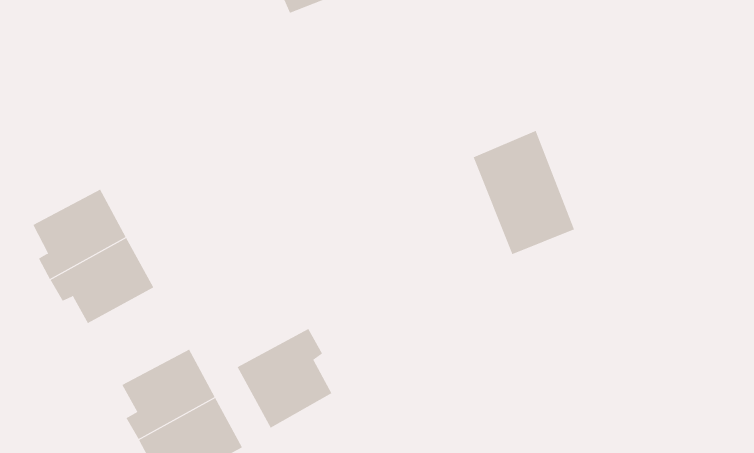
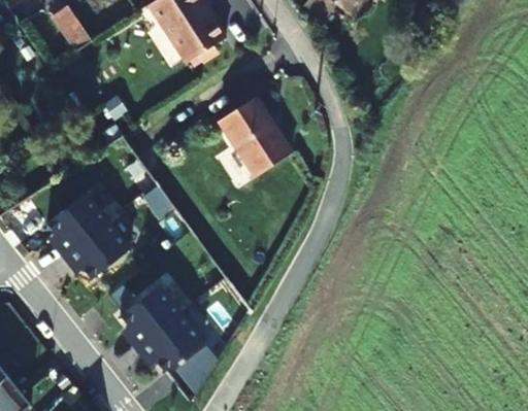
building: [473,130,575,255] -> [221,97,293,178]
building: [237,328,332,429] -> none

